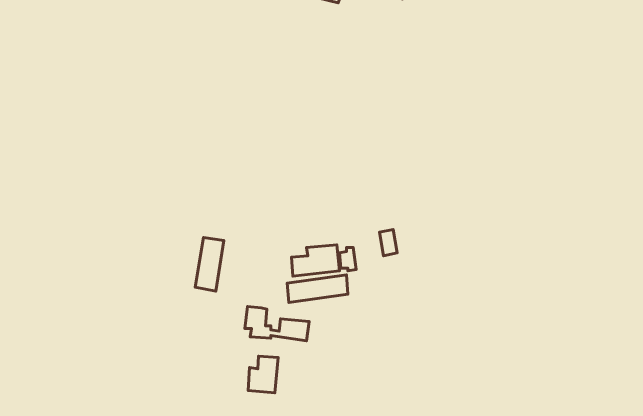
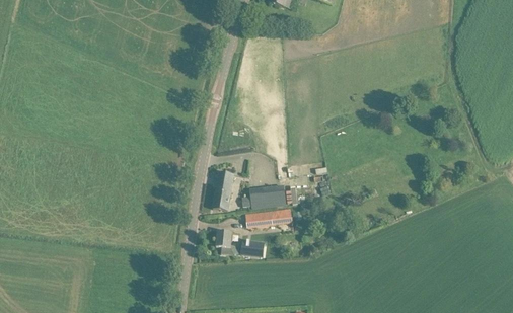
building: [195,238,224,291] -> [213,171,234,211]
building: [248,356,278,393] -> none

